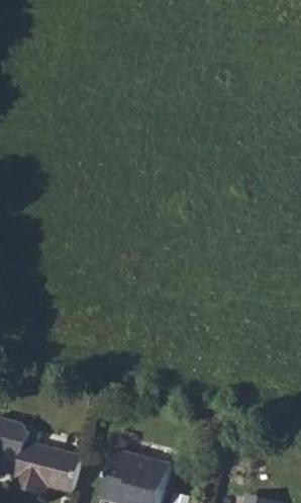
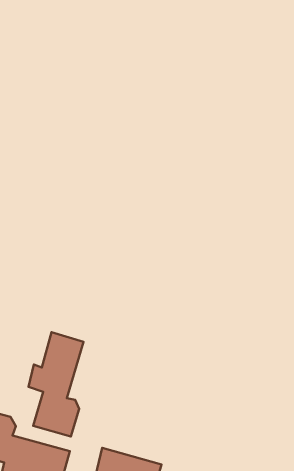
building: none -> [28,332,84,436]

